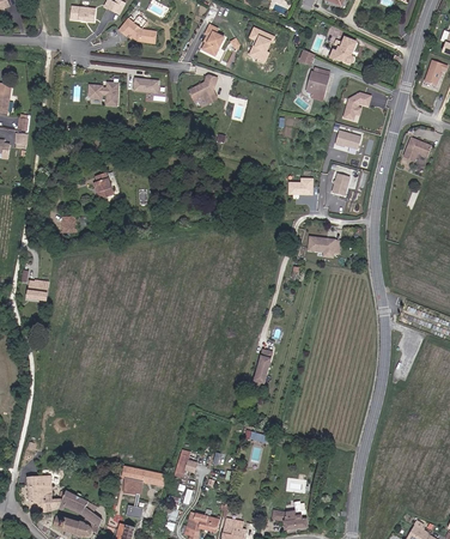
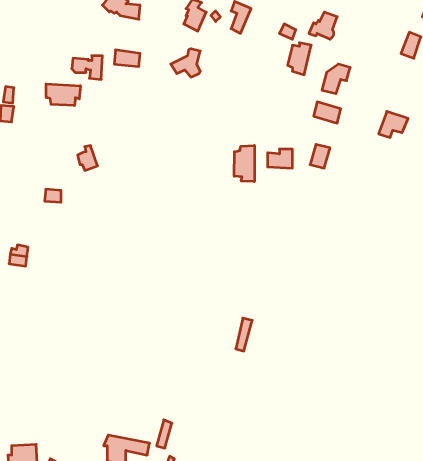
building: none -> [46,84,80,106]
building: none -> [234,145,254,182]
building: [308,236,341,258] -> none

